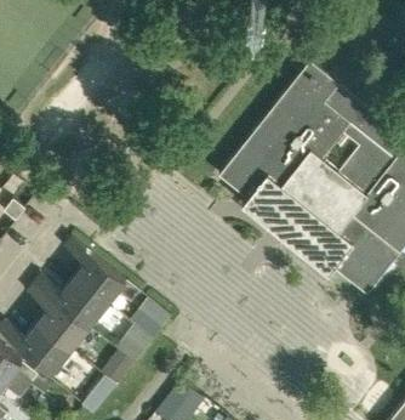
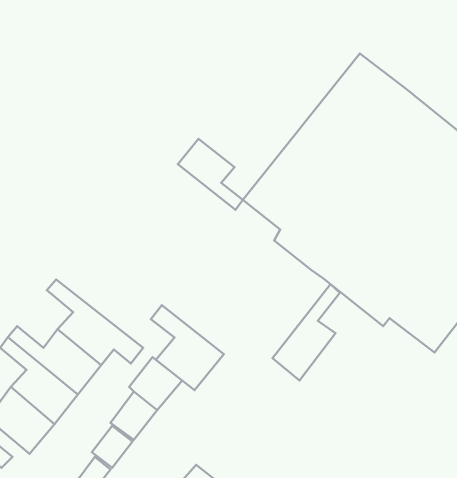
building: none -> [178,139,243,210]
building: none -> [272,284,340,381]
building: none -> [151,305,224,390]

